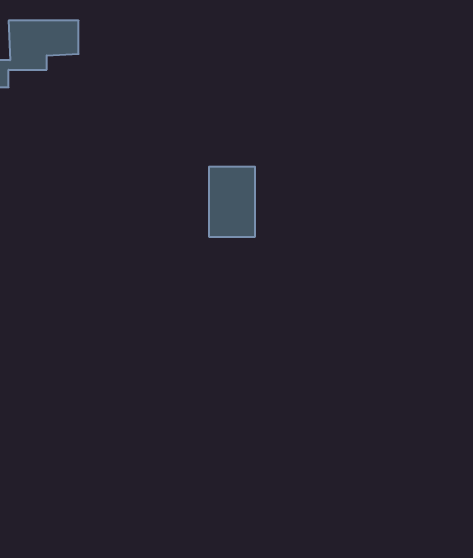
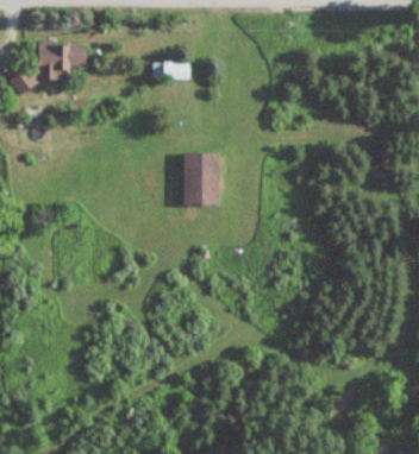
building: none -> [152,62,192,78]

